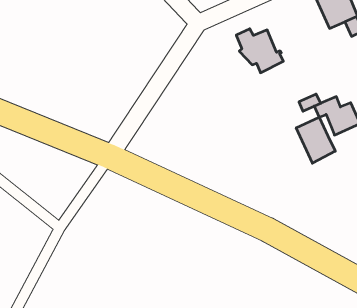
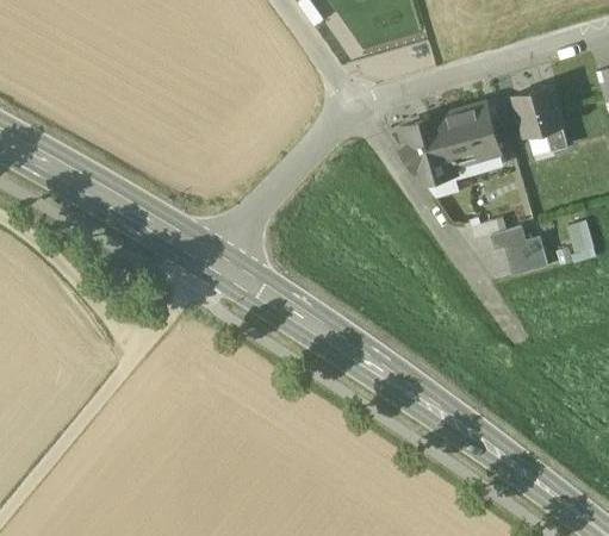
building: none -> [442,104,501,158]
building: [296,117,335,163] -> none

